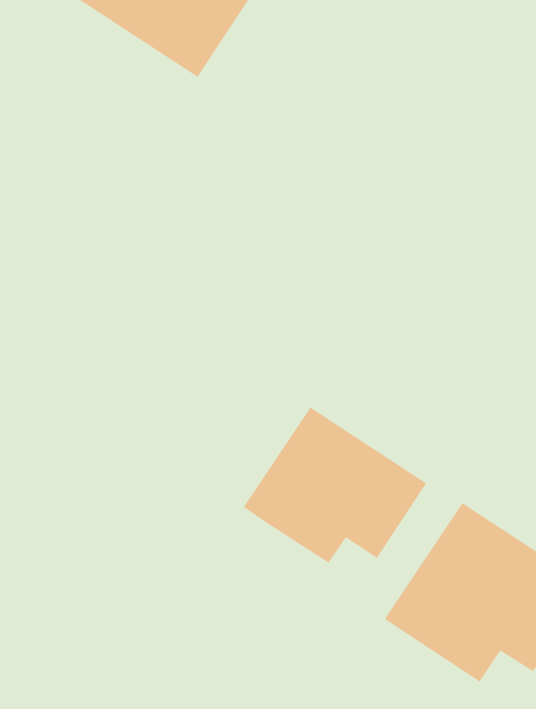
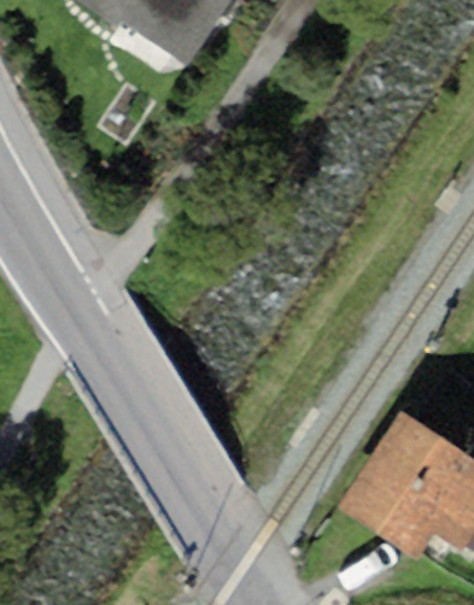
building: [243,406,427,563] -> none

